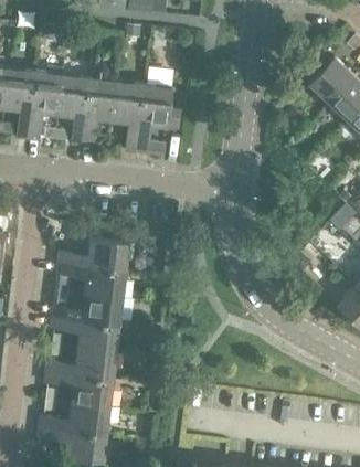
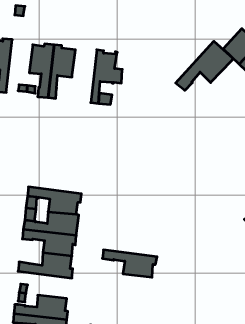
building: [29,68,64,144] -> none
building: none -> [176,41,233,90]
building: [114,84,146,155] -> none
building: [57,240,127,273] -> none
building: [43,373,114,408] -> [102,250,157,277]

